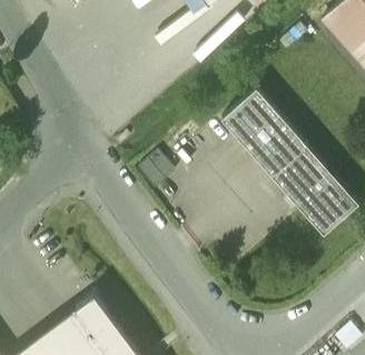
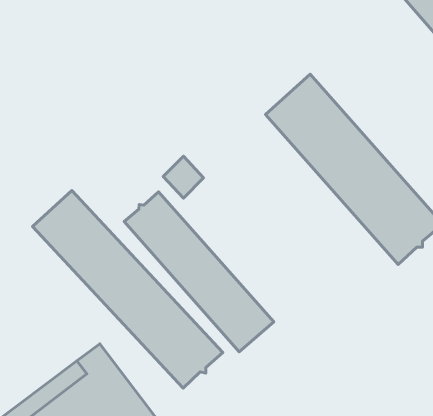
building: none -> [32,191,223,388]
building: none -> [124,192,274,352]

